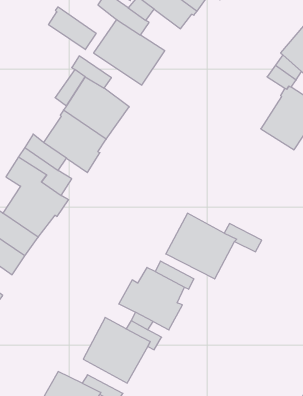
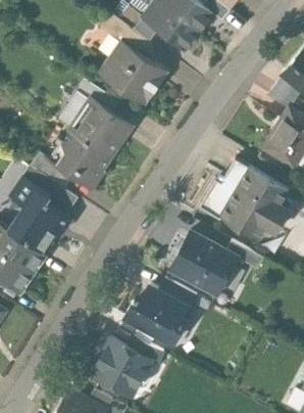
building: [49,7,96,50] -> none
building: none -> [201,158,291,239]

